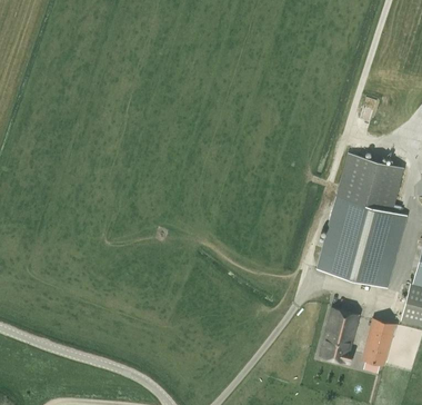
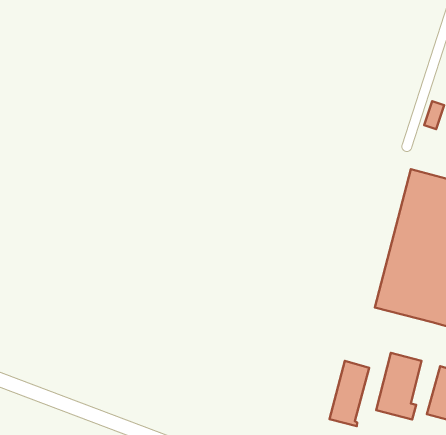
building: none -> [330,361,369,426]

